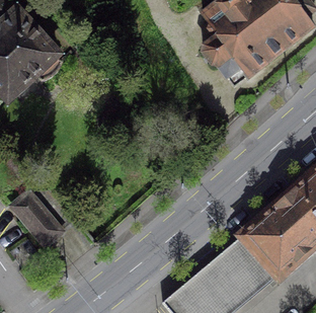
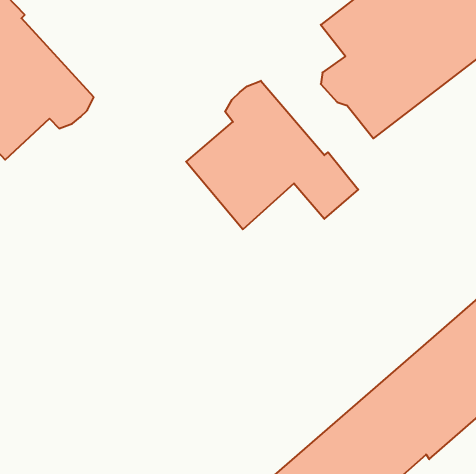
building: none -> [186,81,358,229]
building: [12,192,61,244] -> none

